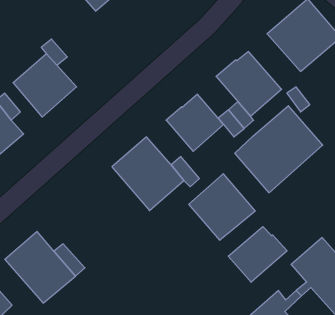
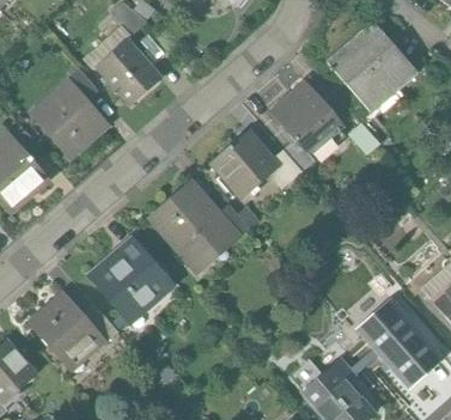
building: none -> [97,38,161,105]
building: [235,106,323,193] -> none
building: [189,174,255,240] -> none
building: none -> [96,237,172,317]
building: [228,227,287,282] -> none

